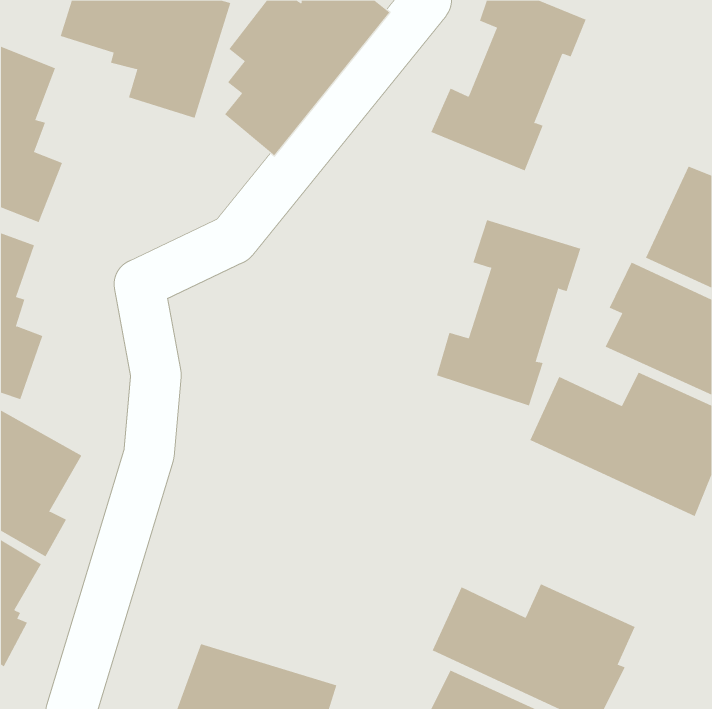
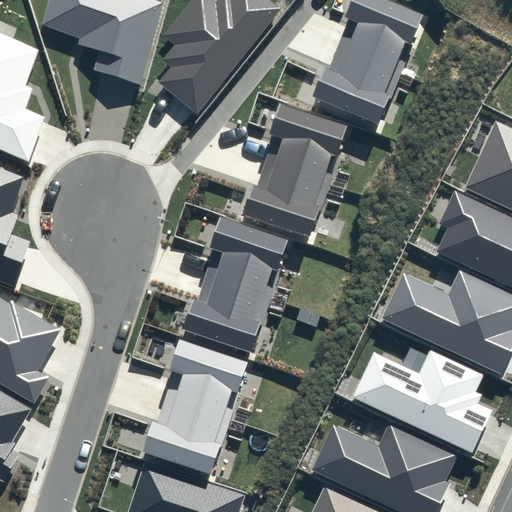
building: [436,219,581,406] -> [242,103,346,237]
building: none -> [182,219,287,353]
building: none -> [142,340,248,475]
building: none -> [352,348,491,450]

